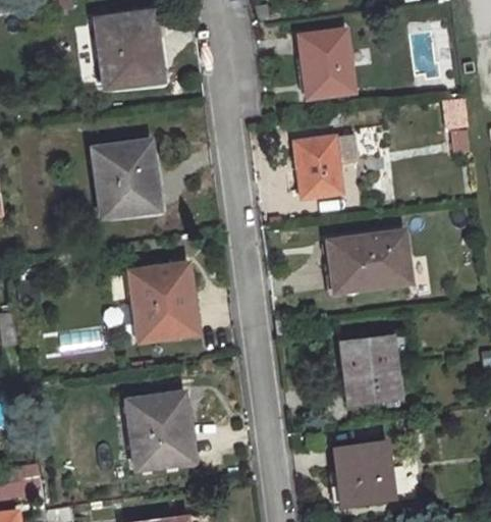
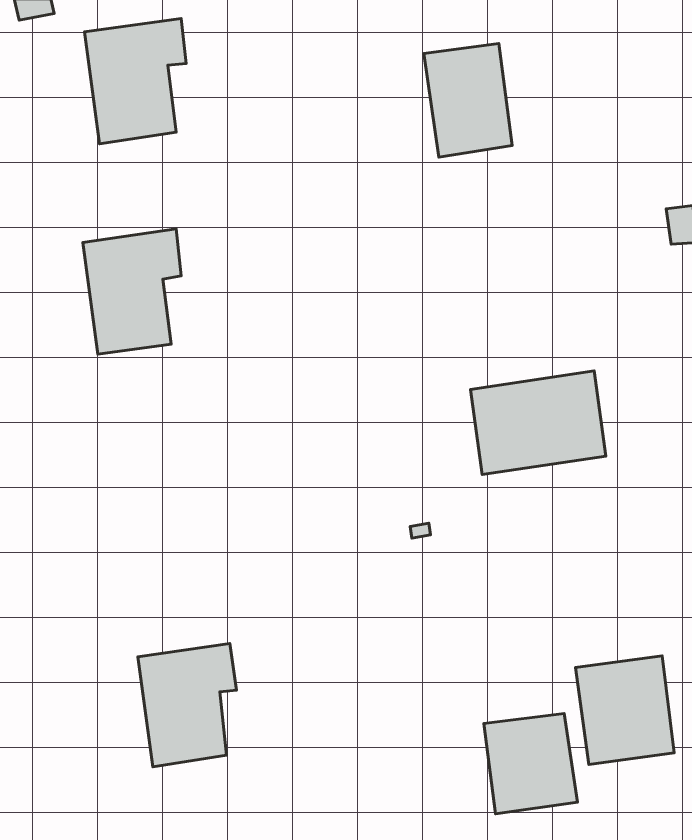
building: [295,135,360,198] -> none
building: [129,266,190,342] -> none
building: [342,335,402,402] -> [575,656,674,764]

